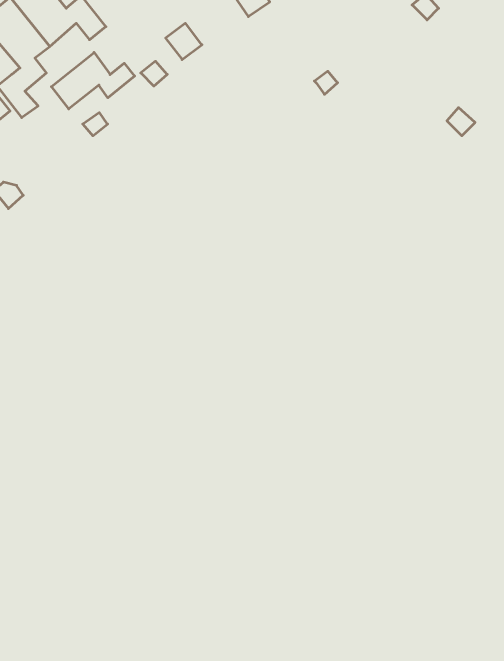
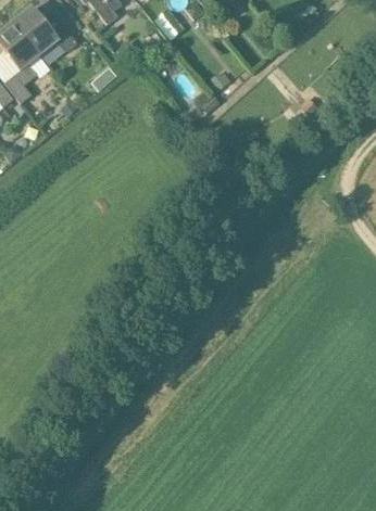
building: [51,52,135,109] -> none

